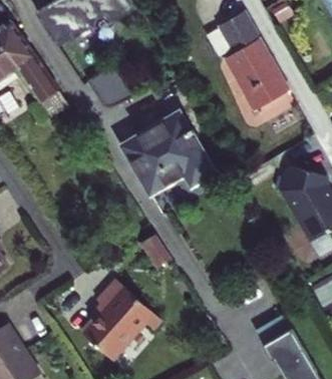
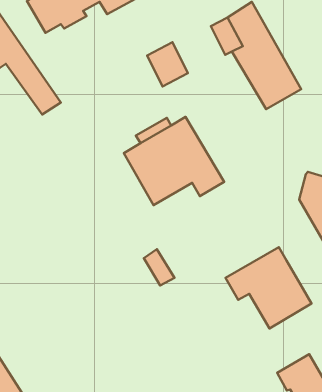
building: [94,64,131,104] -> [147,42,188,86]
building: none -> [225,247,312,328]
building: [80,280,160,359] -> none

